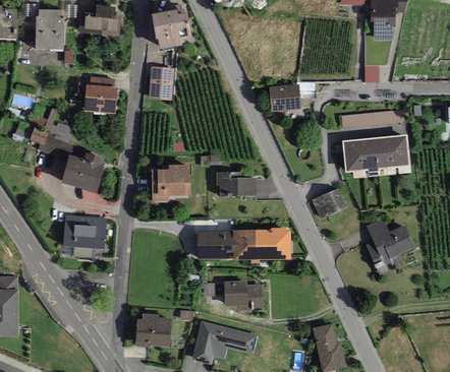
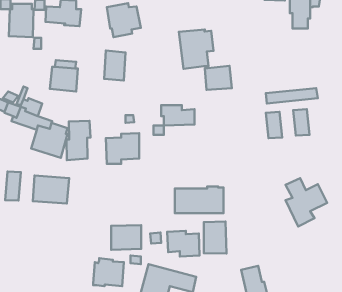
building: none -> [179,29,213,69]
building: [391,133,409,166] -> none
building: [358,136,378,169] -> none
building: none -> [66,121,91,160]
building: [217,172,257,196] -> [161,105,194,125]
building: [312,189,345,219] -> none
building: none -> [5,172,21,200]
building: [198,231,233,260] -> [111,225,141,250]
building: none -> [204,222,226,254]

